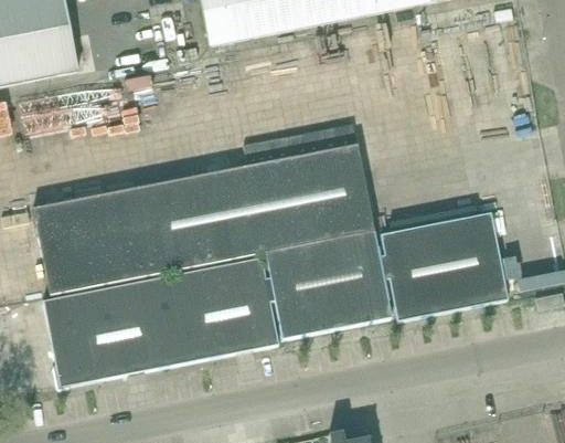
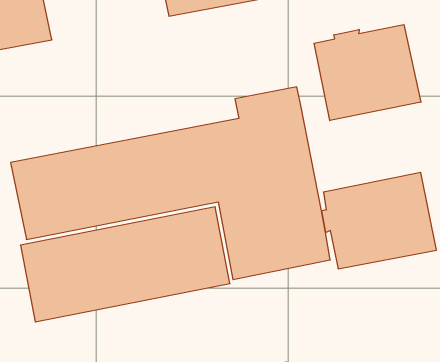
building: none -> [314,25,421,121]

